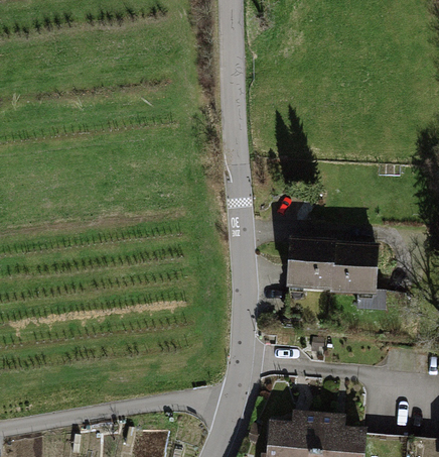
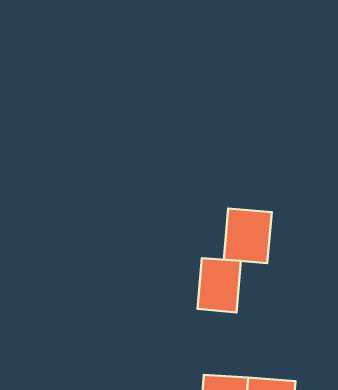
building: [335,238,384,299] -> [197,258,241,313]

